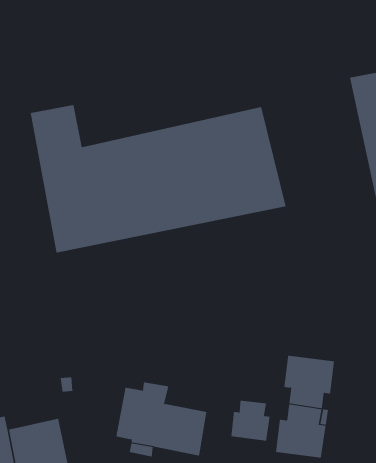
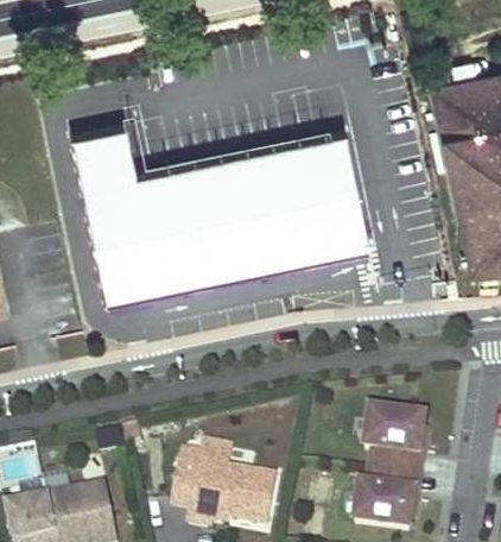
building: [231,400,270,442] -> none

